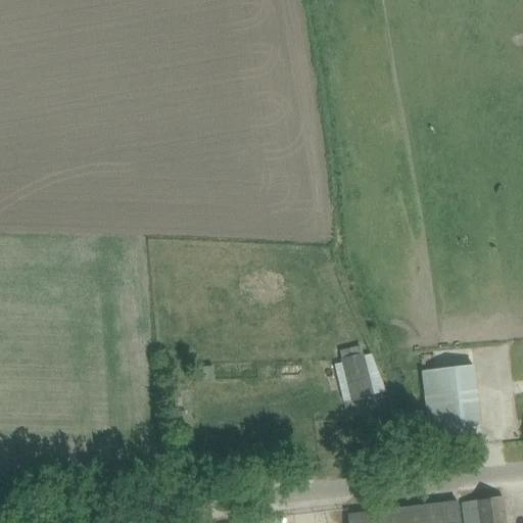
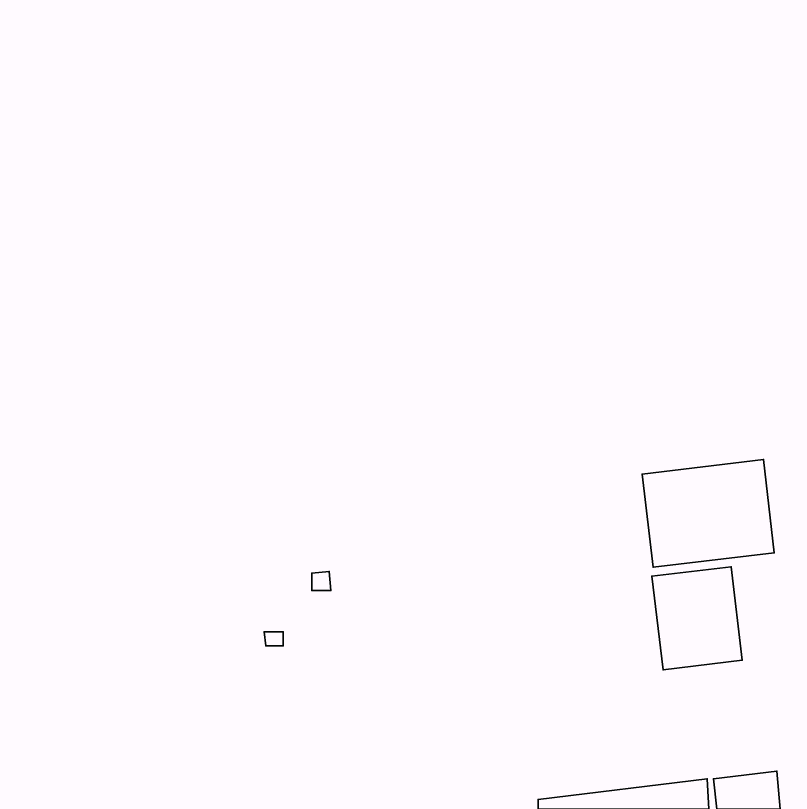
building: none -> [642,460,774,567]
building: [339,346,384,401] -> none

